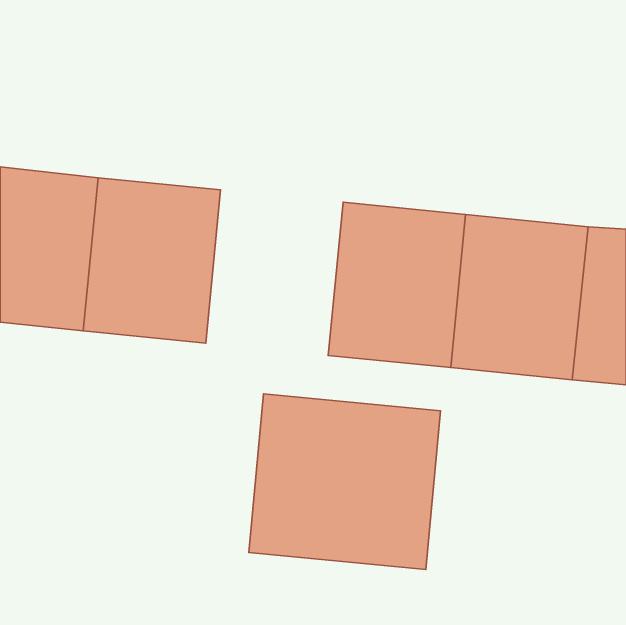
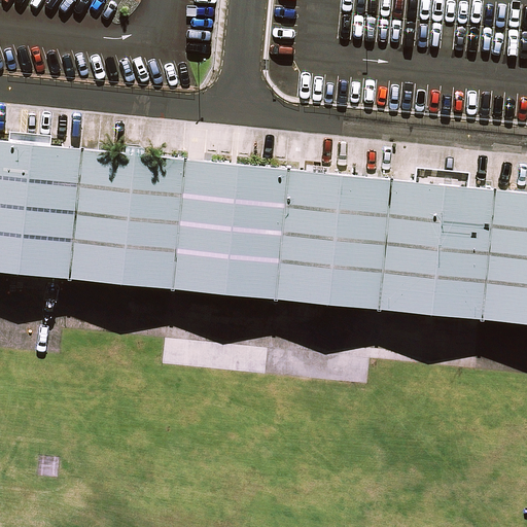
building: none -> [173,160,288,298]
building: [249,394,441,569] -> none

